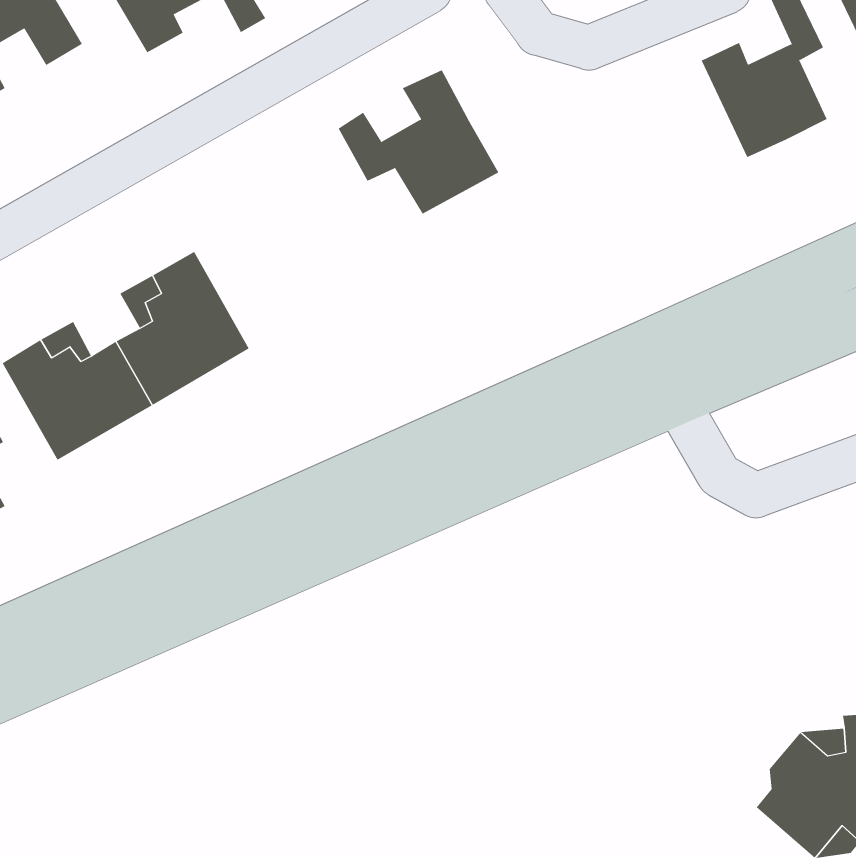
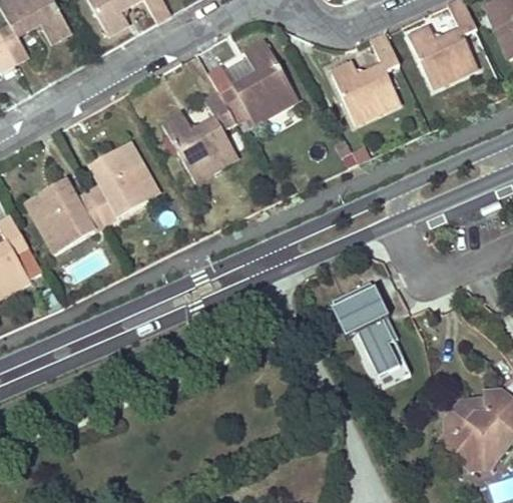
building: none -> [330,30,401,124]
building: none -> [160,90,236,180]
building: none -> [334,284,413,390]

